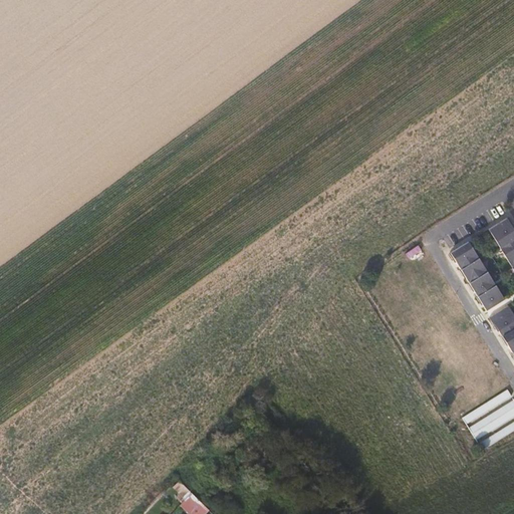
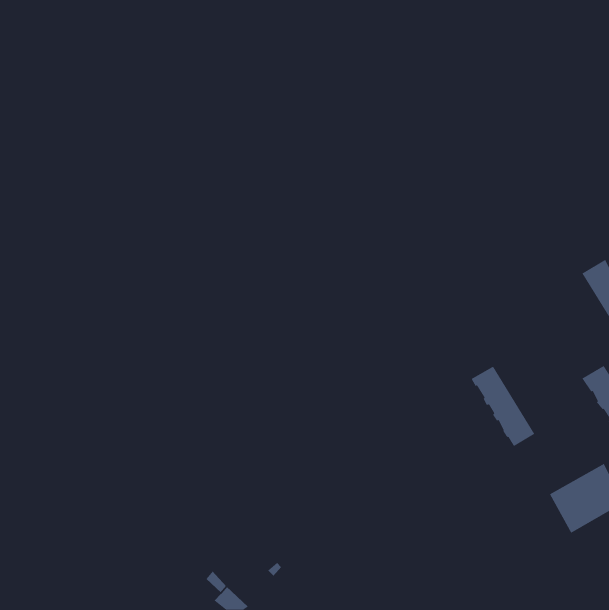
building: [451,243,505,311] -> [471,366,535,447]

